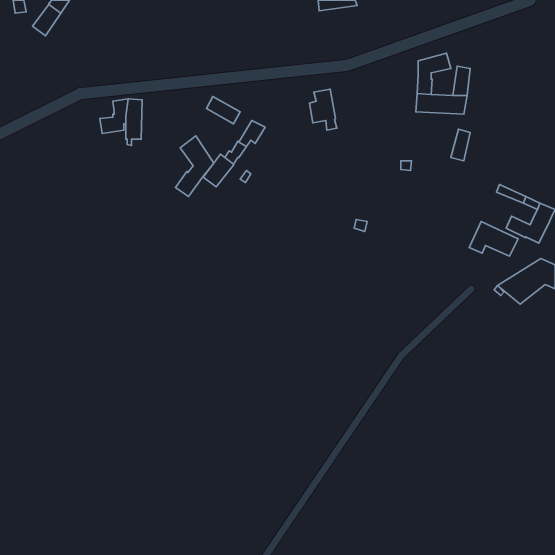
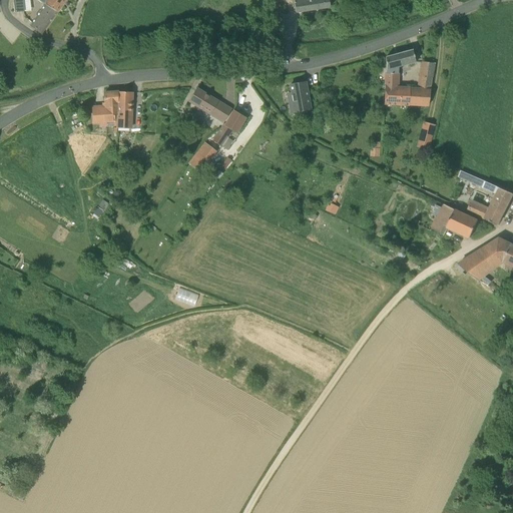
building: [176,136,214,196] -> none

